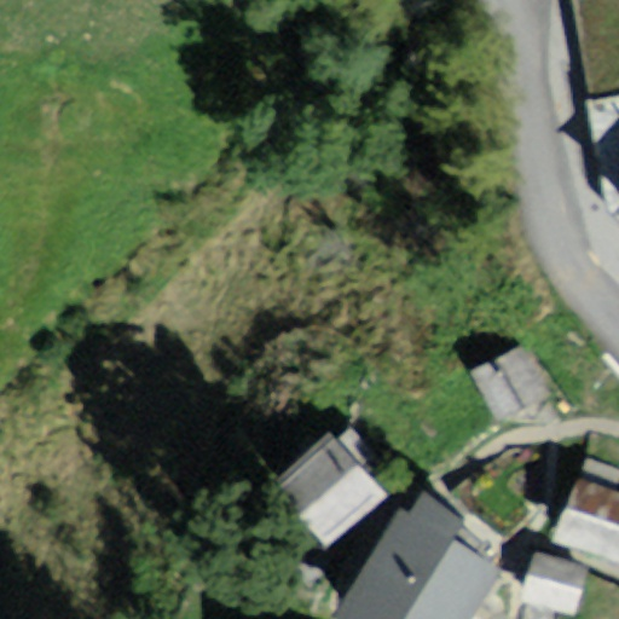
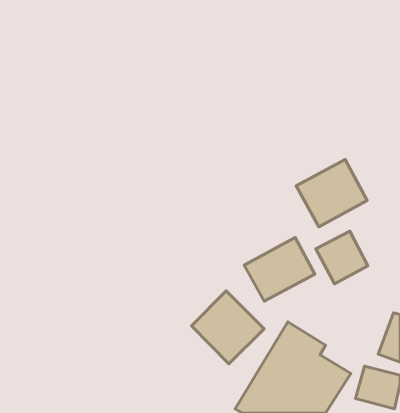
building: none -> [296,159,367,227]
building: none -> [244,237,315,301]

